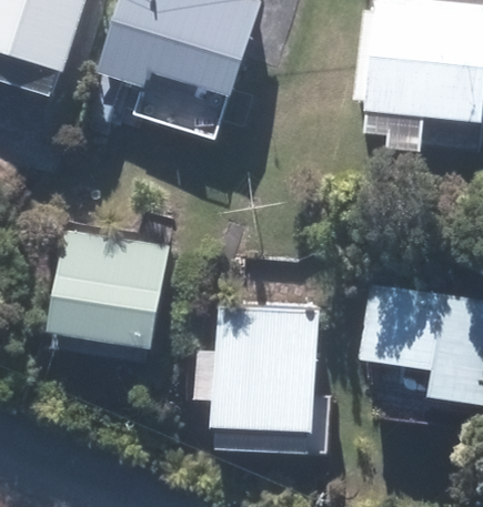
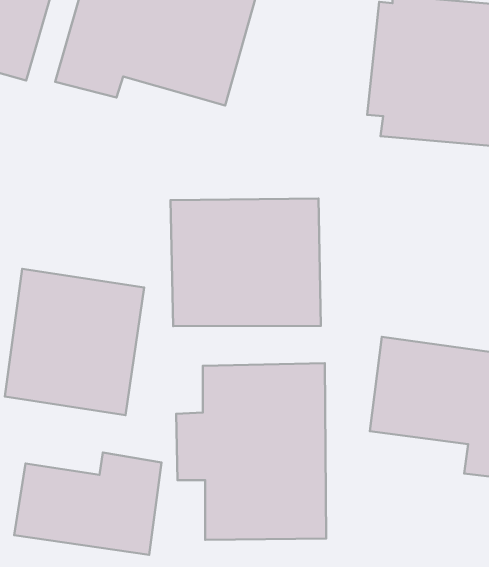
building: none -> [171,198,321,326]
building: none -> [14,453,161,555]

